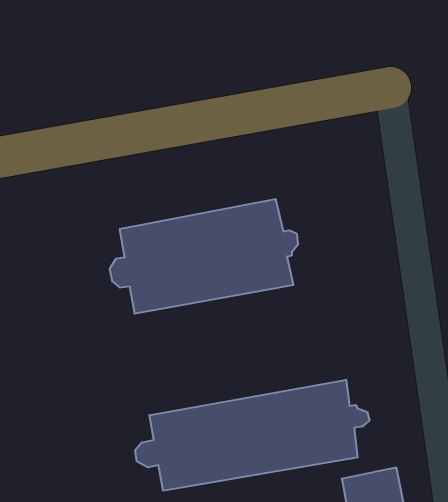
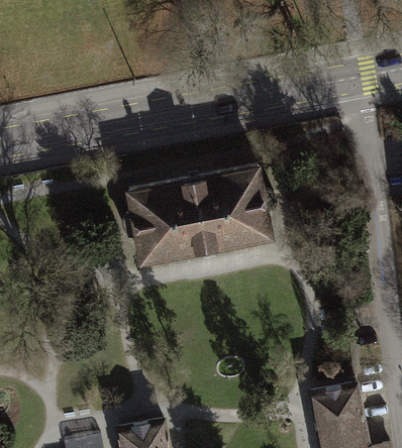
building: [135,380,369,491] -> none

